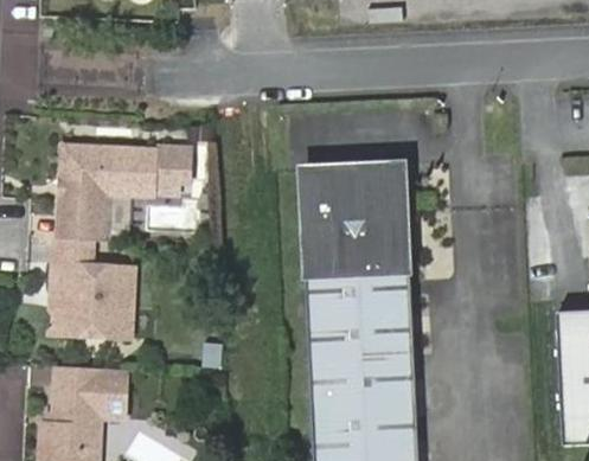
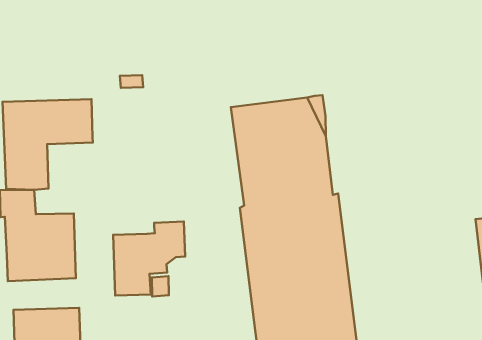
building: [156,145,191,190] -> none
building: none -> [113,222,185,295]

